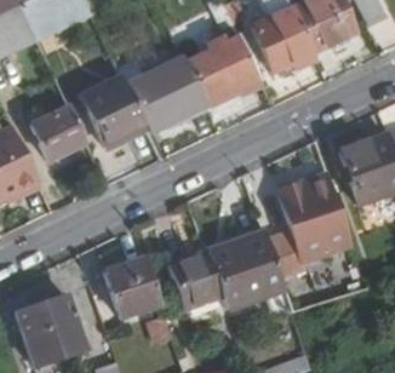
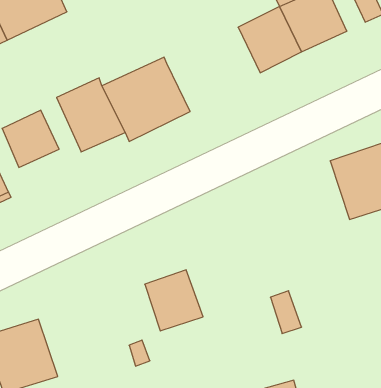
building: [187,36,259,105] -> none
building: [276,177,351,265] -> none
building: [205,234,282,311] -> none
building: [99,260,159,319] -> none

